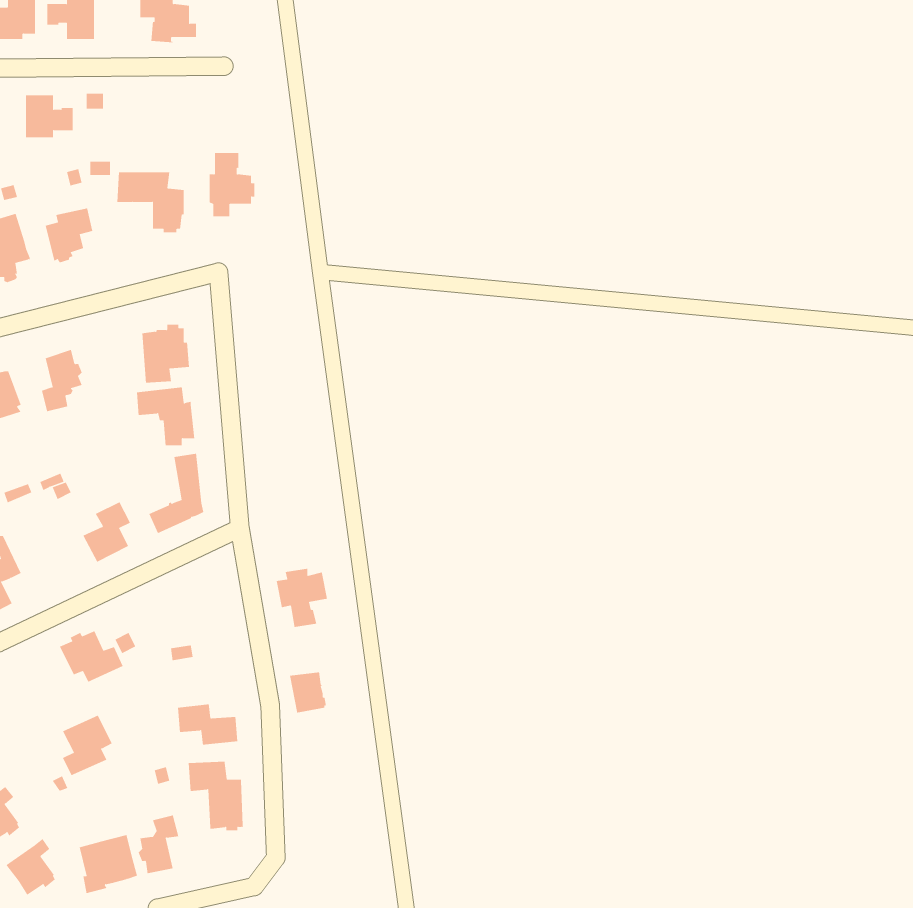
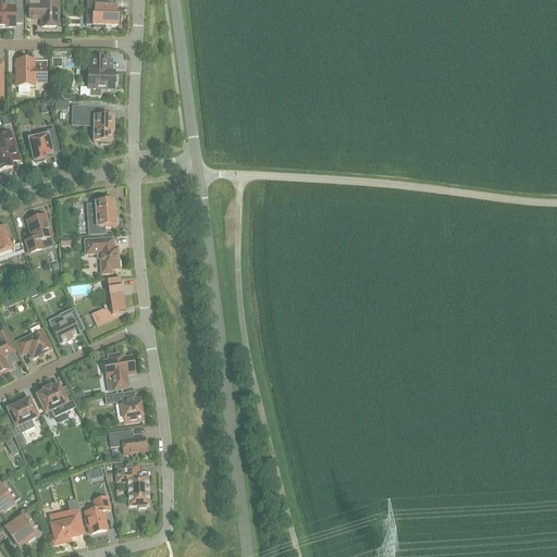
building: [209,152,255,217] -> [87,54,115,94]
building: none -> [15,327,50,356]
building: [276,568,328,627] -> [102,351,134,387]
building: [289,672,327,713] -> [120,396,143,421]
building: [62,715,112,776] -> [7,397,37,434]

